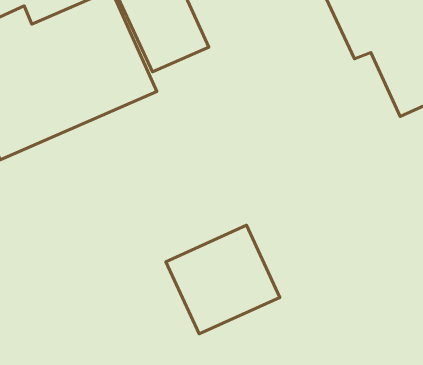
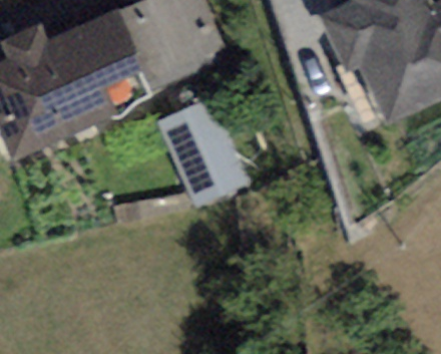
building: none -> [159,99,251,209]
building: [166,225,280,334] -> none

